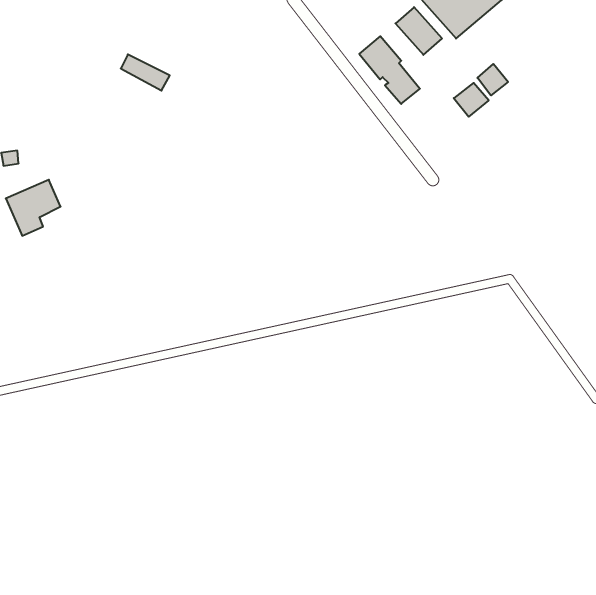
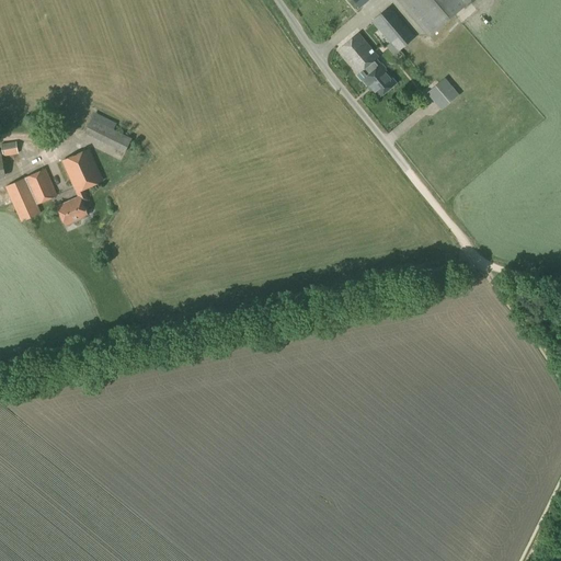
building: [121,54,170,91] -> [85,118,131,152]
building: [477,64,508,95] -> none
building: none -> [55,149,103,227]

